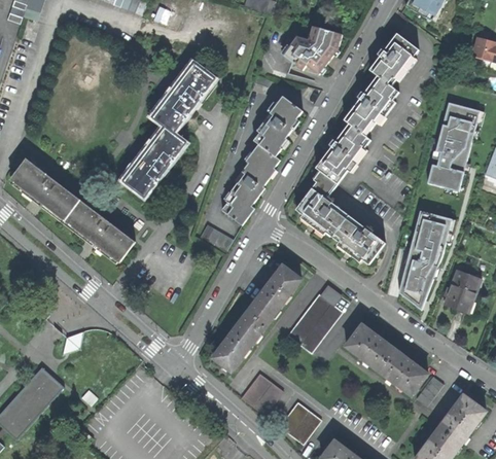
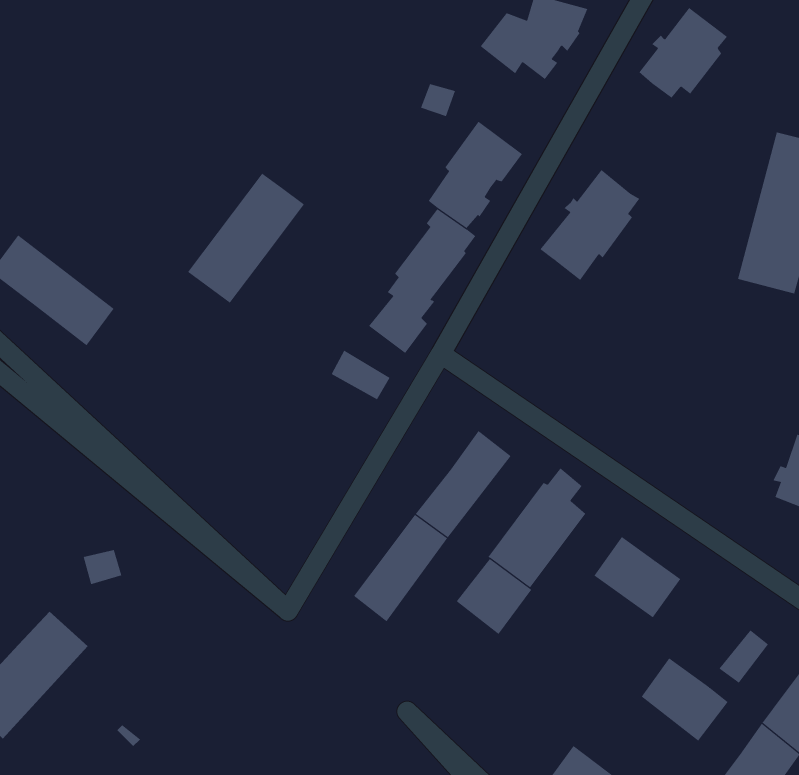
building: [149,62,214,133] -> none
building: [344,75,398,136] -> none
building: [296,173,385,264] -> none
building: [65,200,135,261] -> none
building: [395,210,452,312] -> none
building: [378,349,426,395] -> [641,658,728,741]
building: [240,375,282,417] -> [456,558,532,635]
building: [278,403,320,446] -> none

